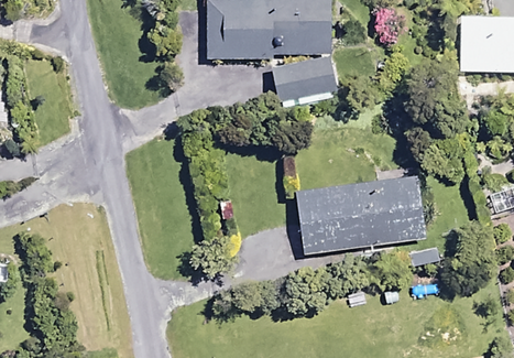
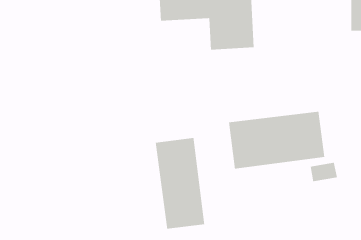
building: none -> [155,137,205,230]

